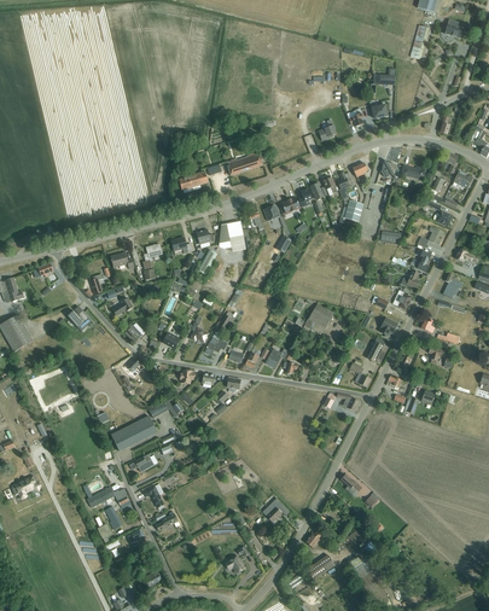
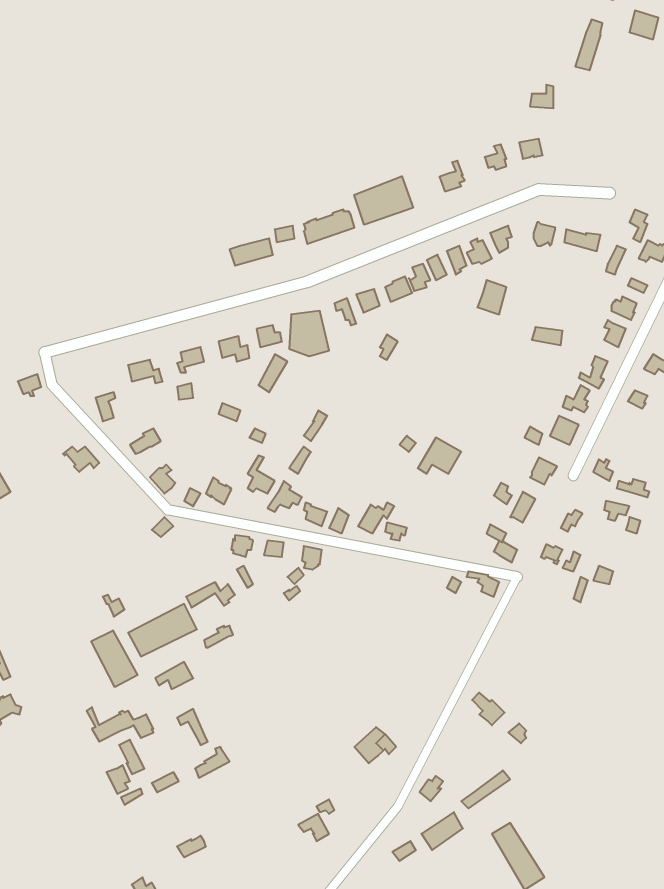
building: none -> [354,176,413,225]
building: none -> [91,630,138,687]

